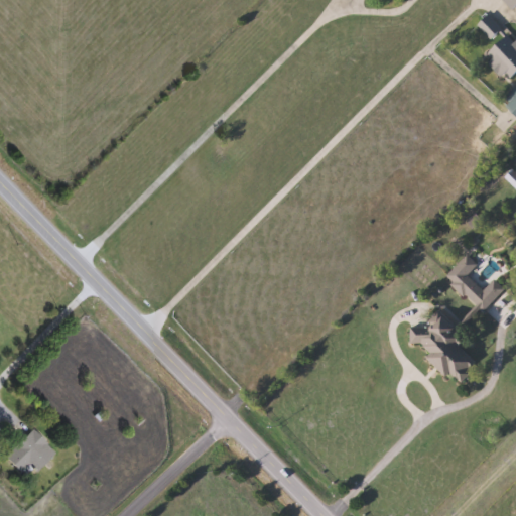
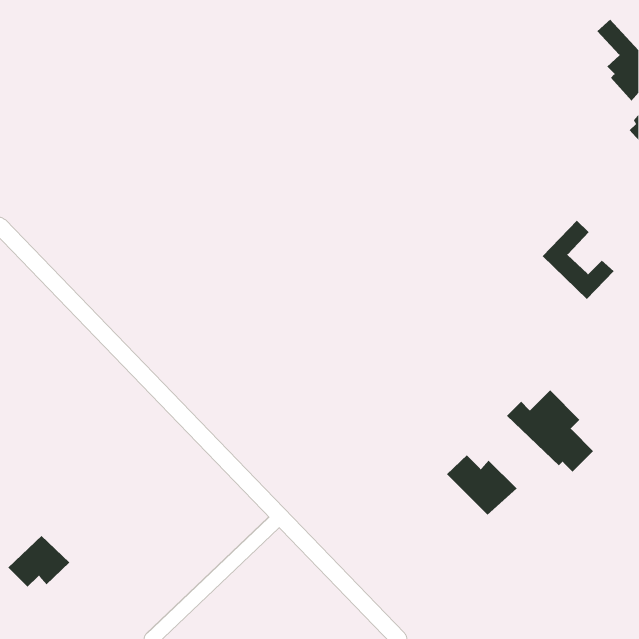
building: [447,247,506,311] -> [542,220,614,300]
building: none -> [446,454,518,516]

